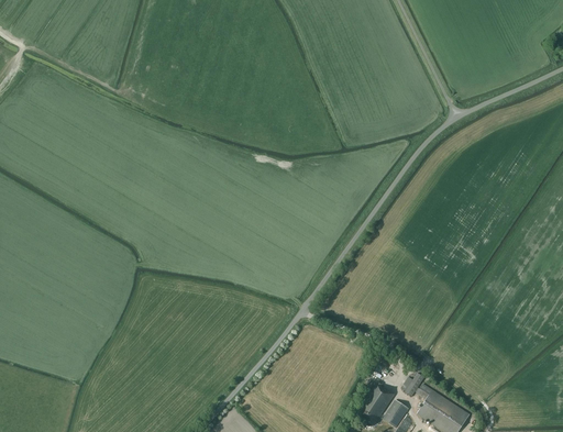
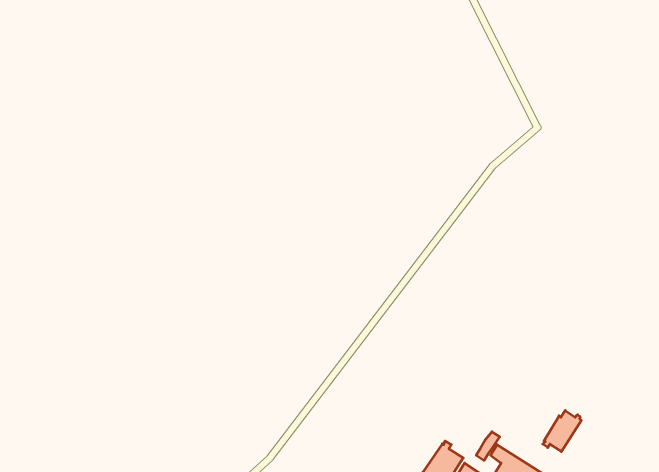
building: none -> [543,410,581,452]

